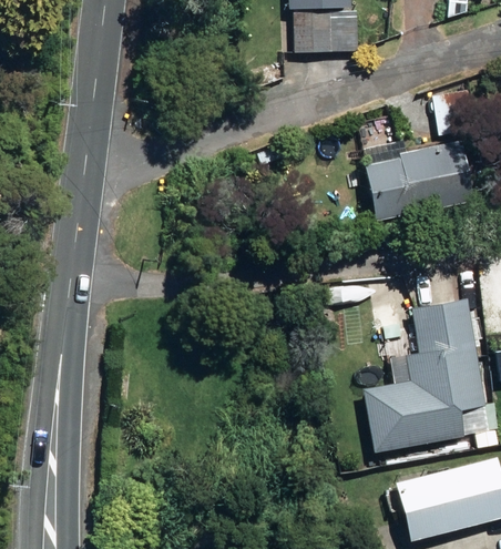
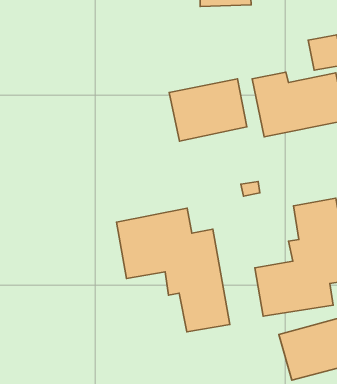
building: none -> [169,79,247,141]
building: none -> [116,208,230,332]

